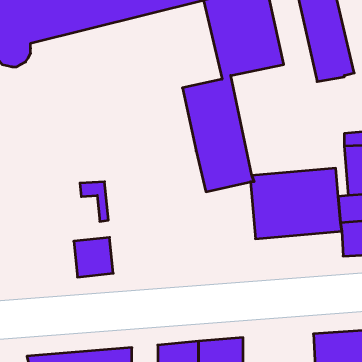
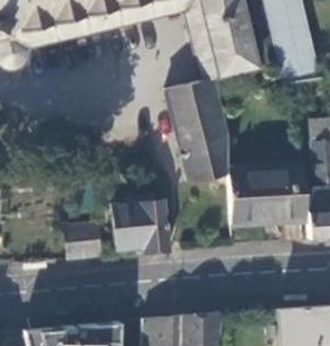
building: none -> [113,195,172,253]

